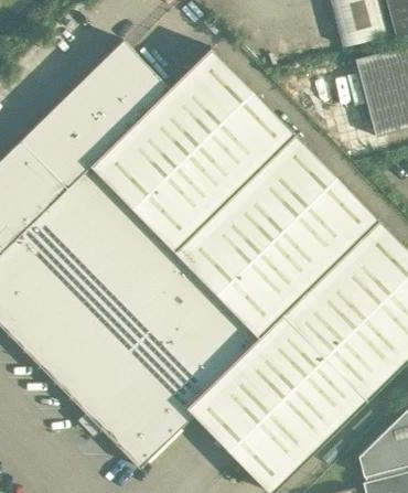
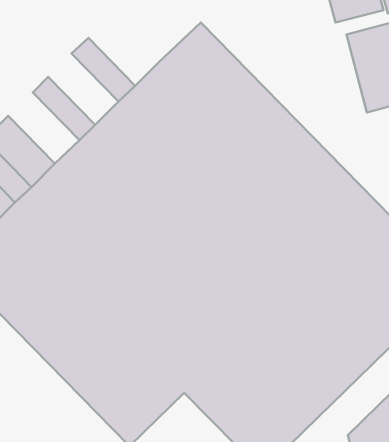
building: [99,40,169,110] -> none
building: [60,78,129,149] -> none
building: [20,117,90,187] -> none

